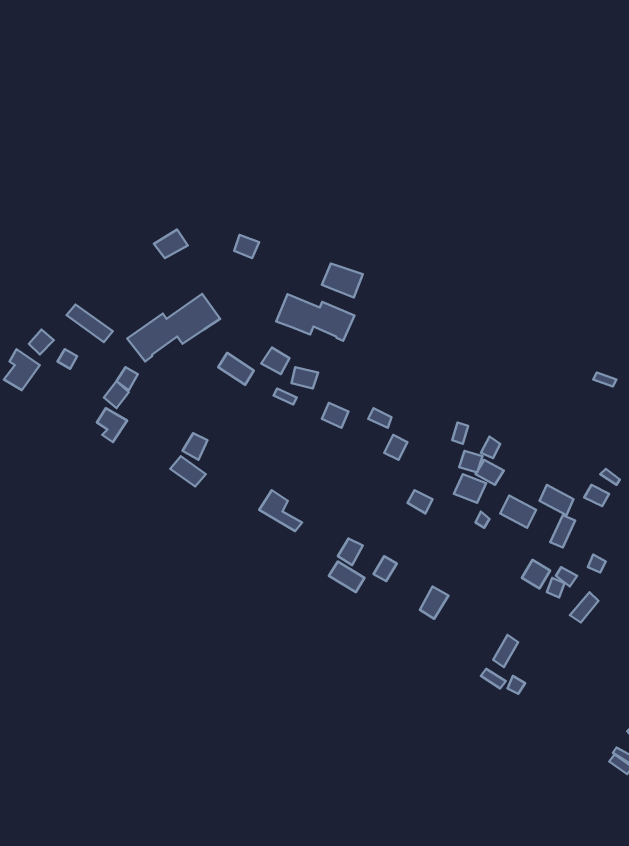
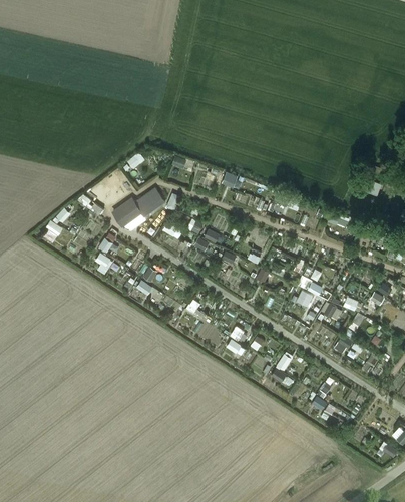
building: [276,294,355,341] -> none

